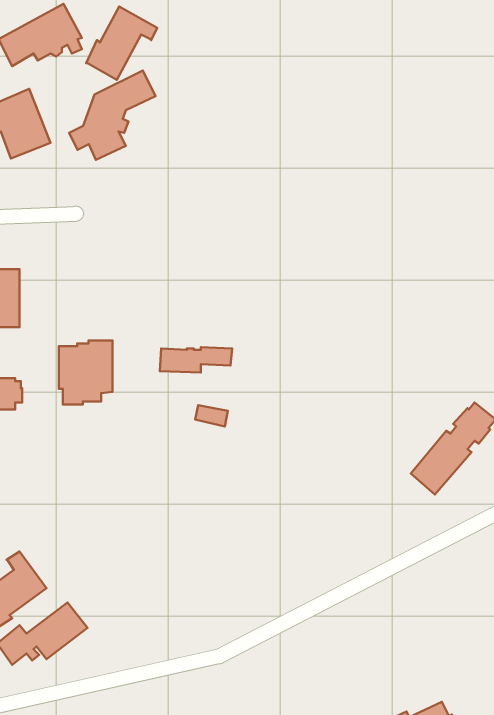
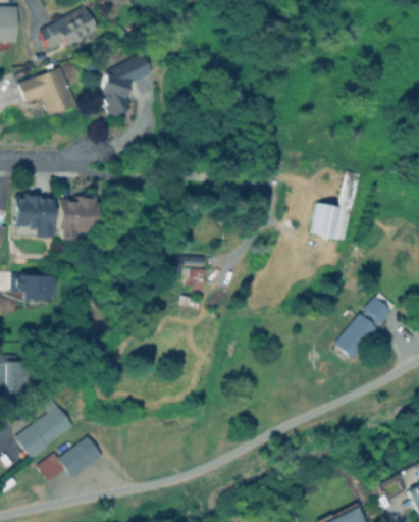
building: [86,7,157,80] -> none
building: none -> [313,203,343,239]
building: [59,341,113,404] -> [59,196,98,242]
building: none -> [187,268,206,293]

